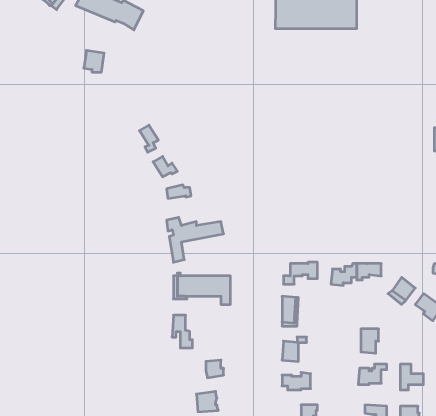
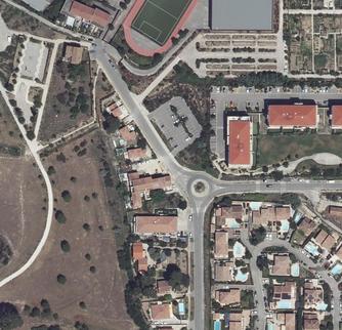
building: none -> [266,105,315,124]
building: none -> [228,115,248,166]

